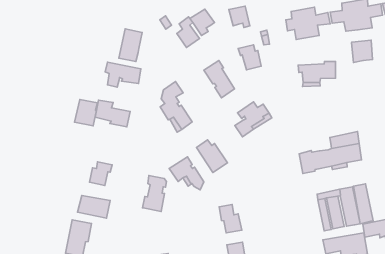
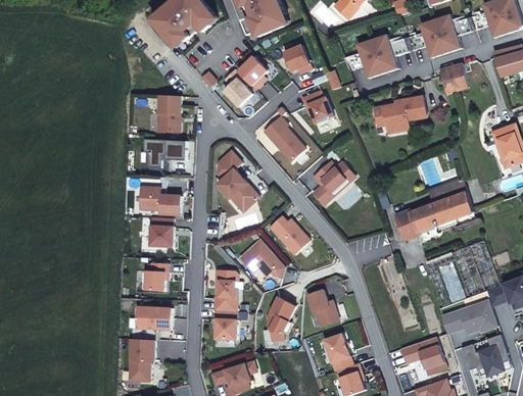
building: [75,99,98,126] -> [148,216,173,246]
building: none -> [267,296,294,341]
building: none -> [212,310,236,340]

